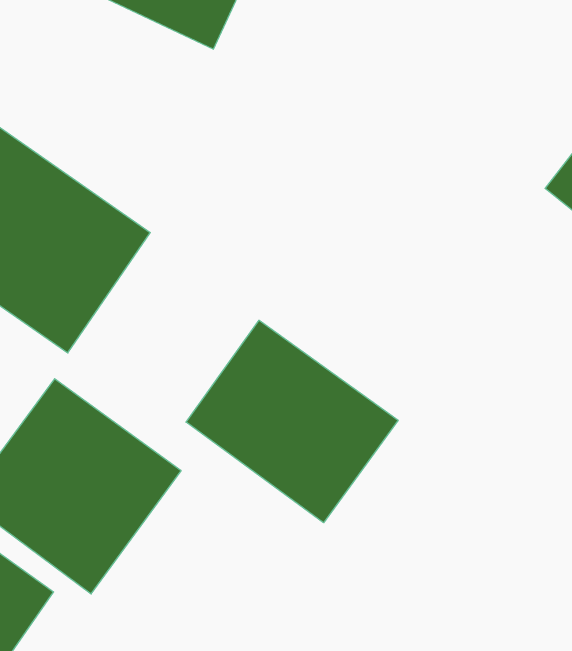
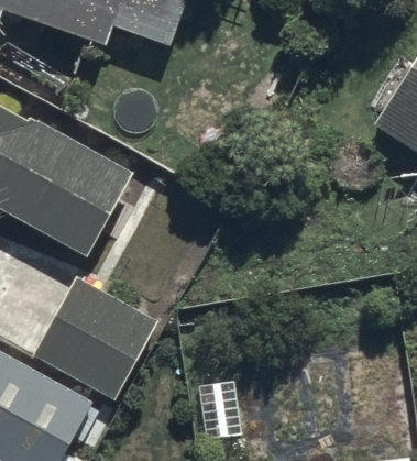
building: [186,320,398,523] -> none

